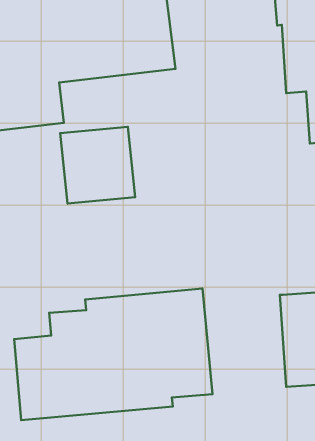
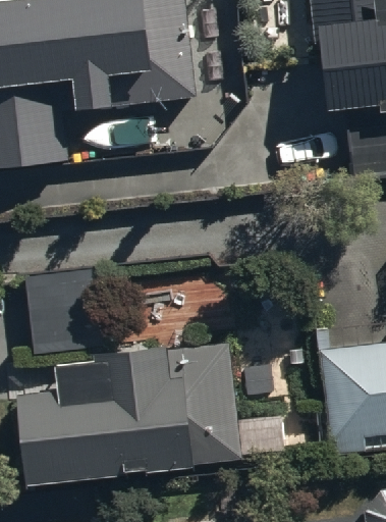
building: [60,127,135,204] -> [24,265,109,352]

